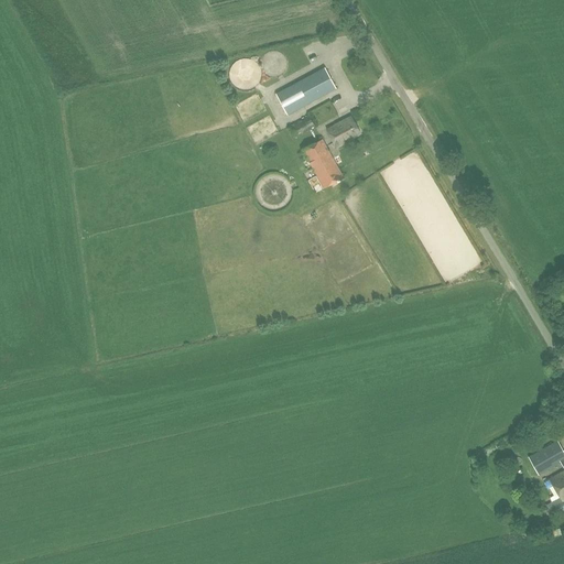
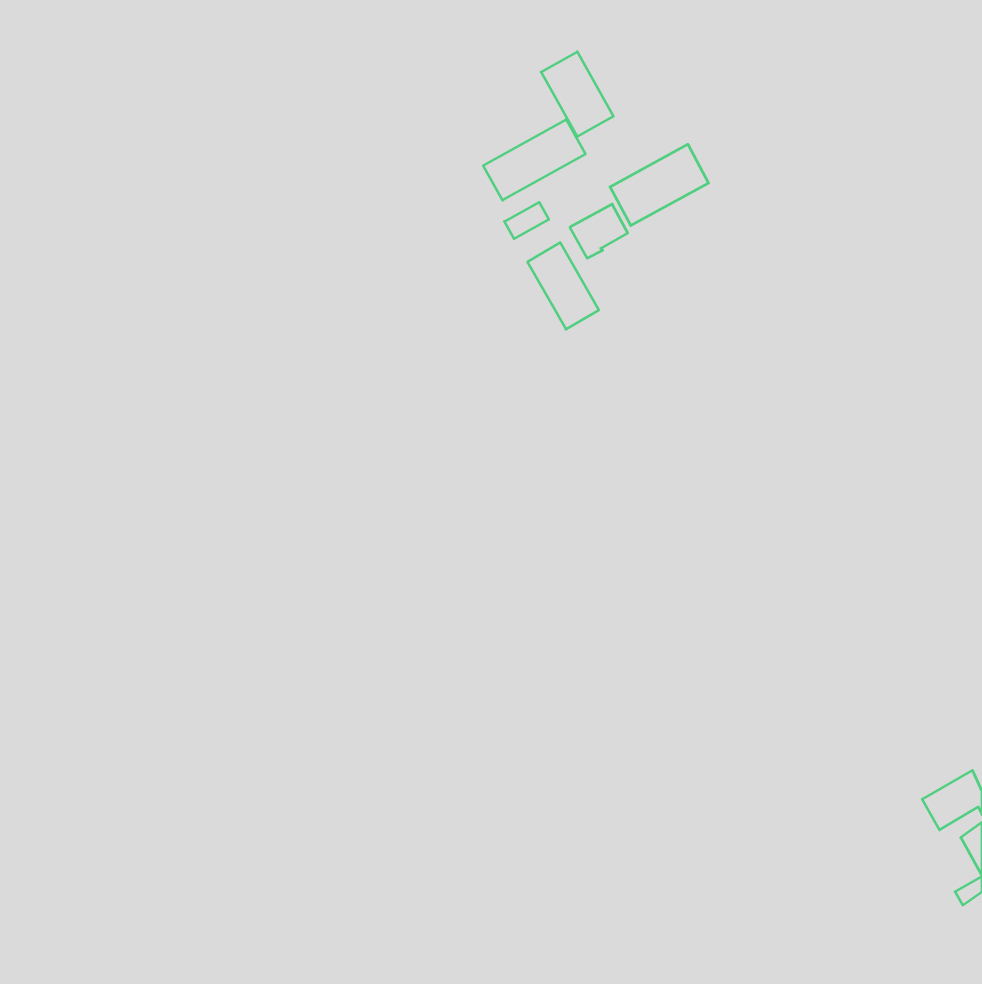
building: none -> [541,52,613,137]
building: none -> [610,144,709,226]

